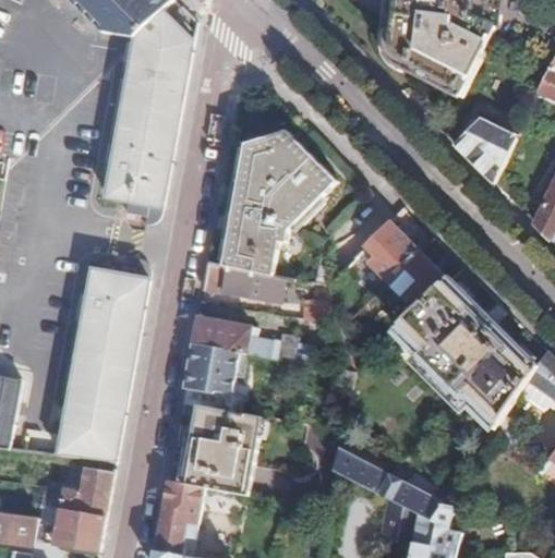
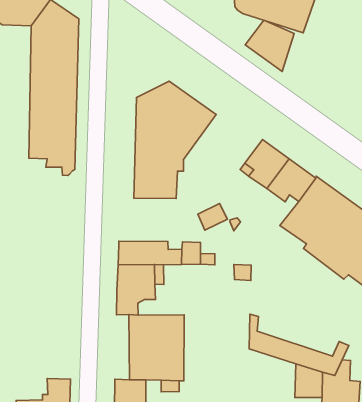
building: [451,118,512,183] -> [245,20,294,72]
building: [57,255,149,461] -> none
building: [201,262,281,298] -> none

